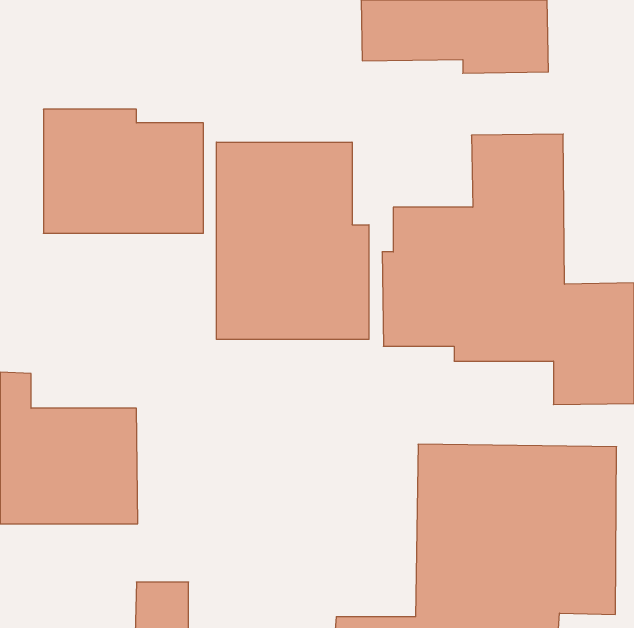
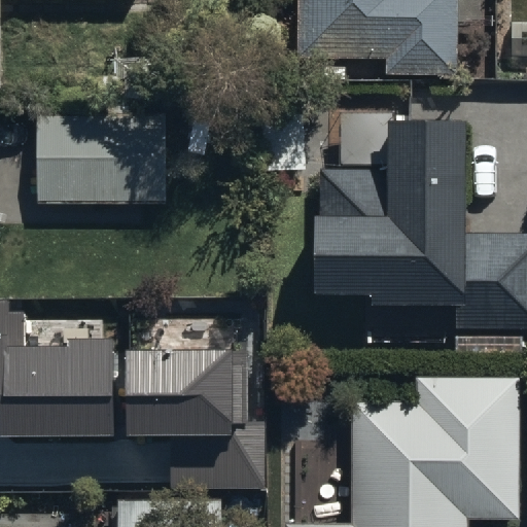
building: [216,142,369,339] -> none
building: none -> [127,354,264,493]

